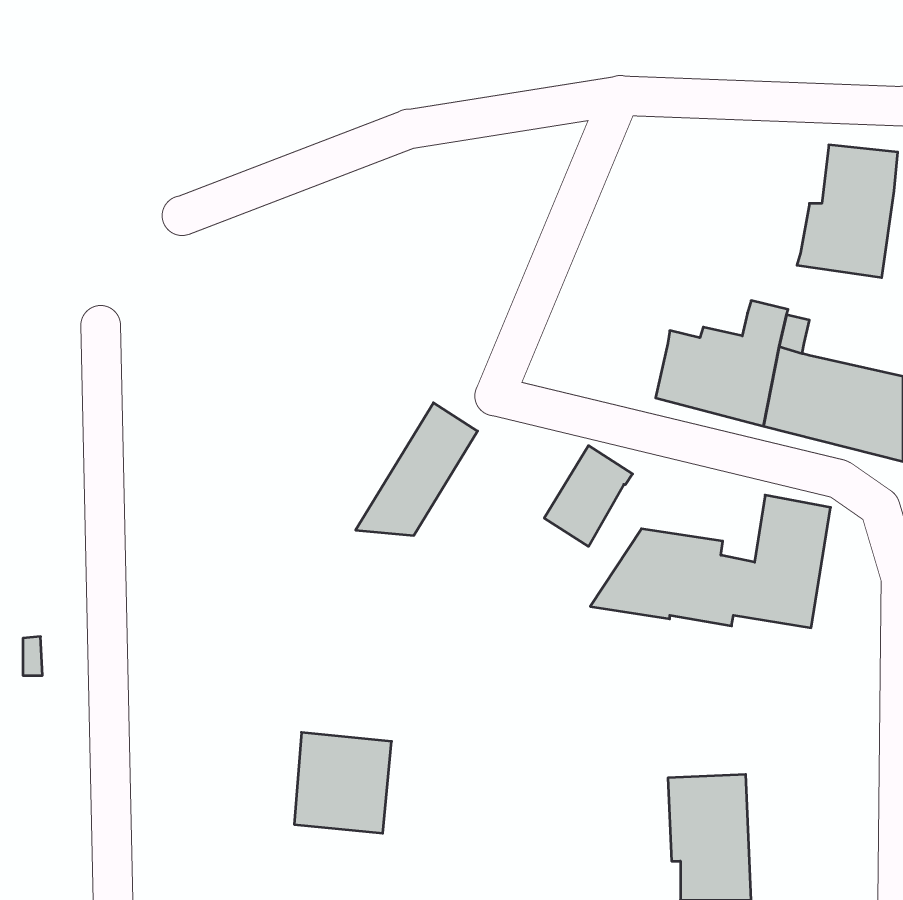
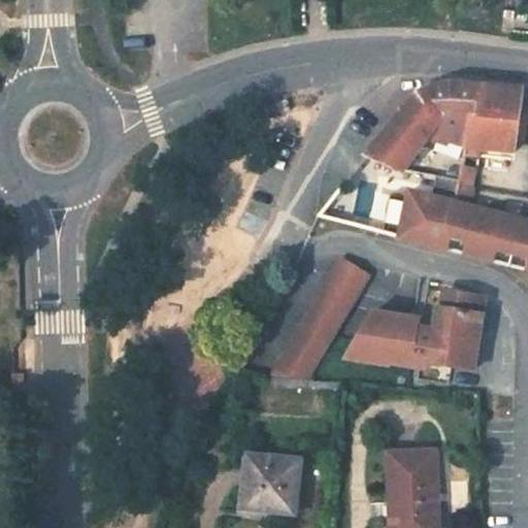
building: none -> [367,81,484,169]
building: [356,403,478,535] -> [272,302,343,380]
building: [294,732,392,833] -> [243,454,300,513]

